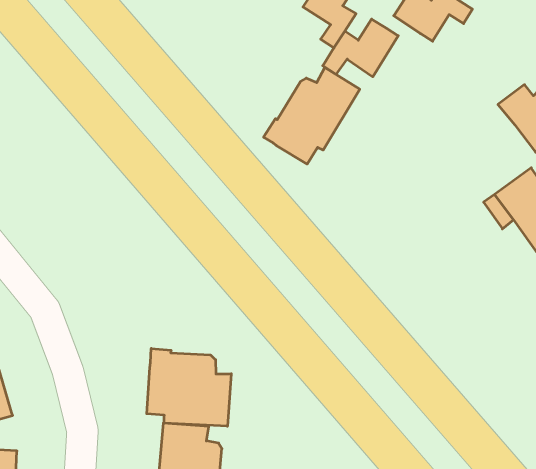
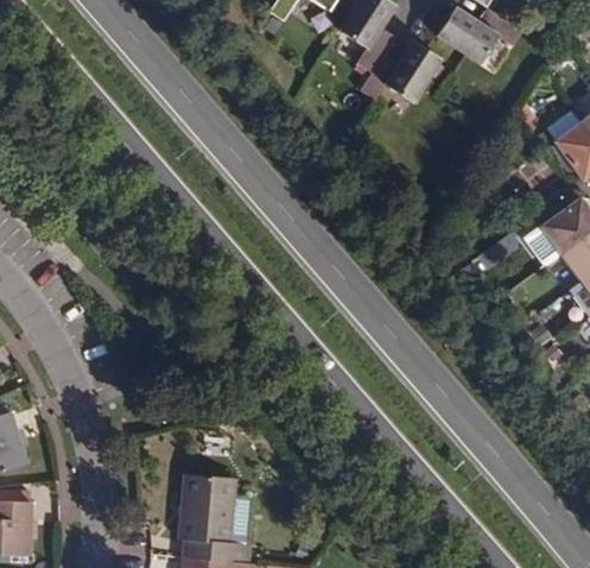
building: [264,68,360,164] -> none
building: [147,348,231,426] -> none

